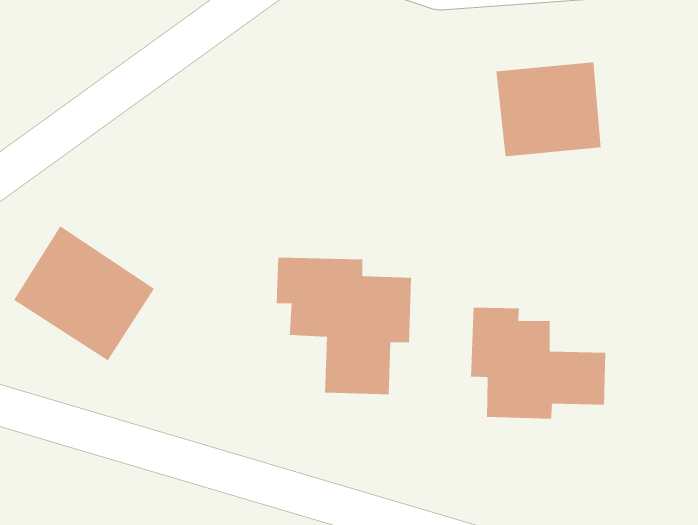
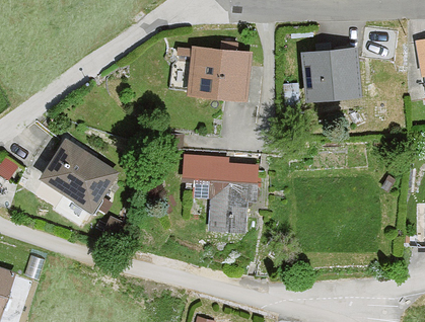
building: none -> [189,48,252,101]
building: [470,307,606,419] -> none

